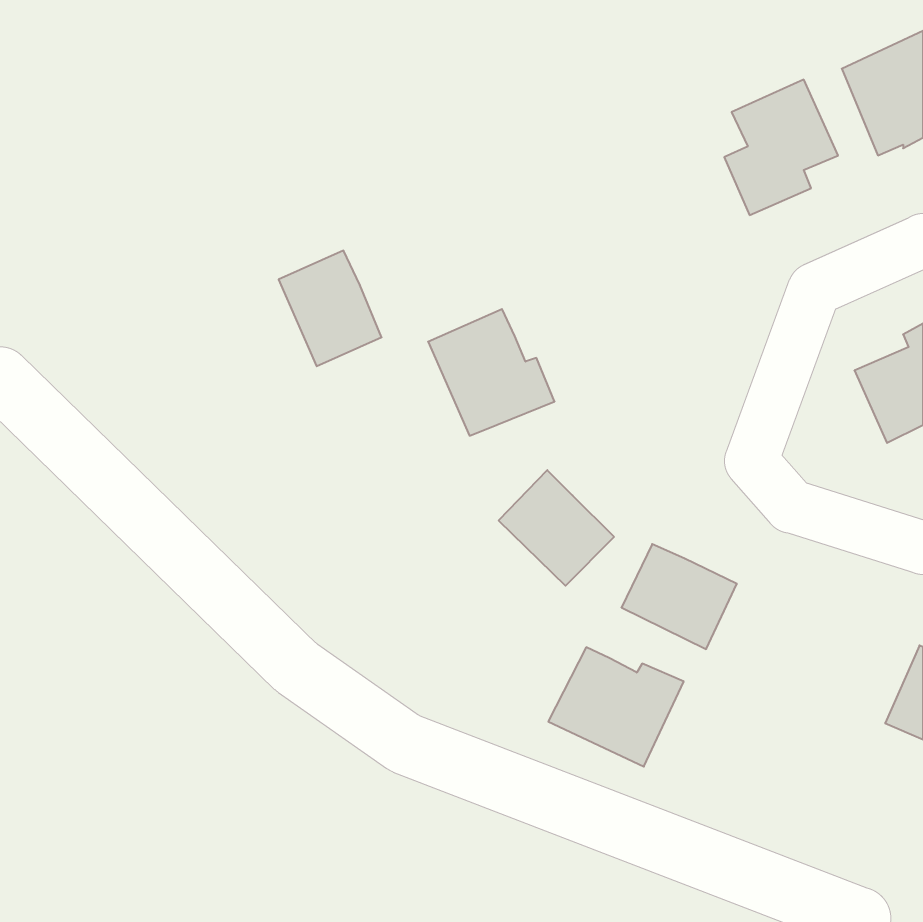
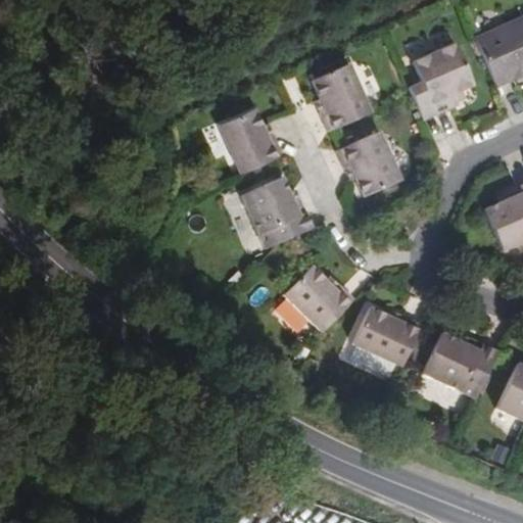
building: none -> [314,62,372,128]
building: none -> [344,130,401,195]
building: [279,251,382,366] -> [218,104,276,170]
building: [548,647,684,767] -> [420,332,496,399]

